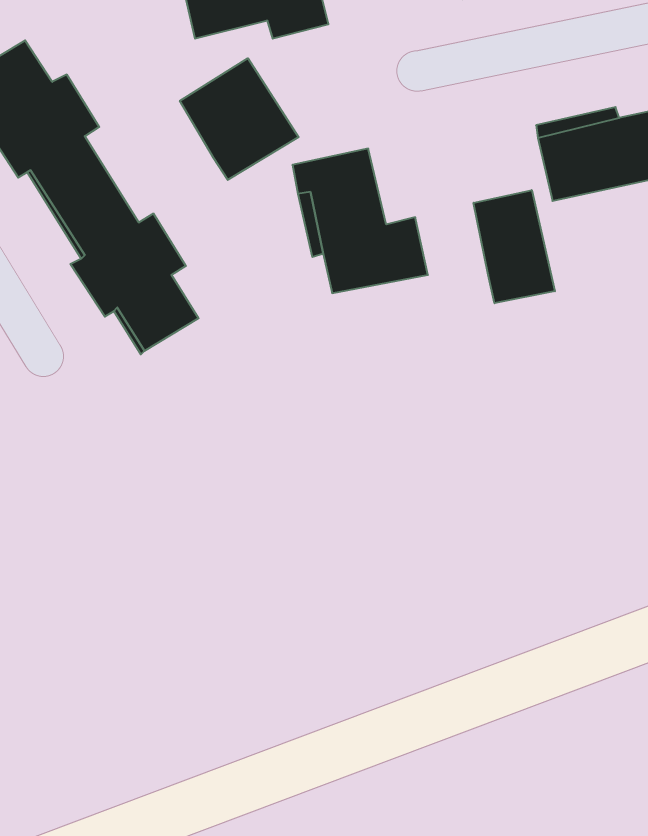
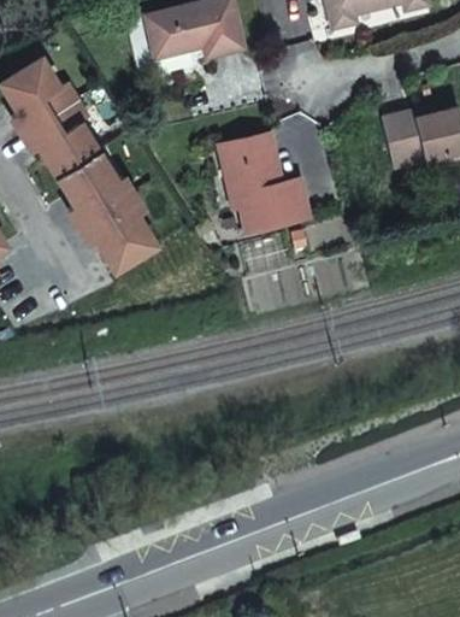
building: [180,58,299,180] -> none
building: [474,190,555,303] -> none

